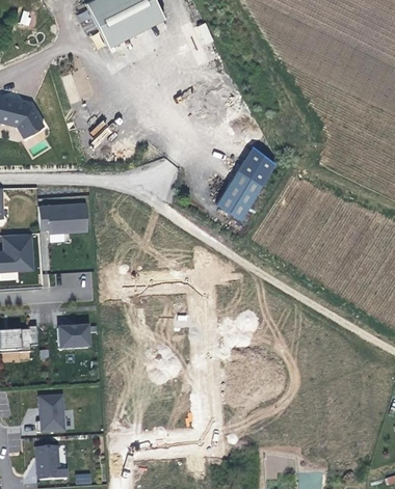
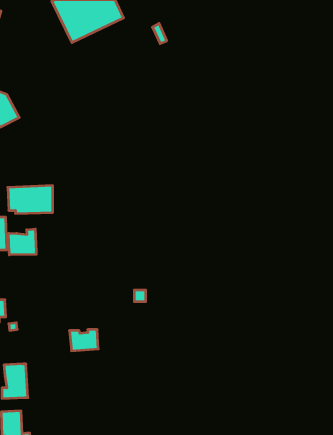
building: [214,144,279,219] -> none
building: none -> [9,229,36,255]
building: [58,326,89,349] -> [69,330,98,351]

